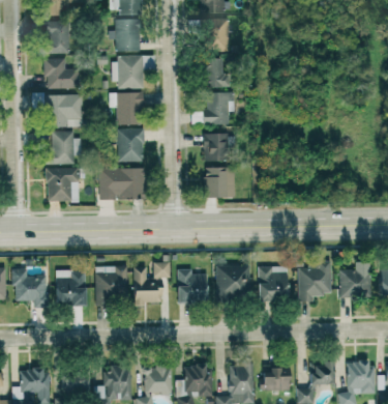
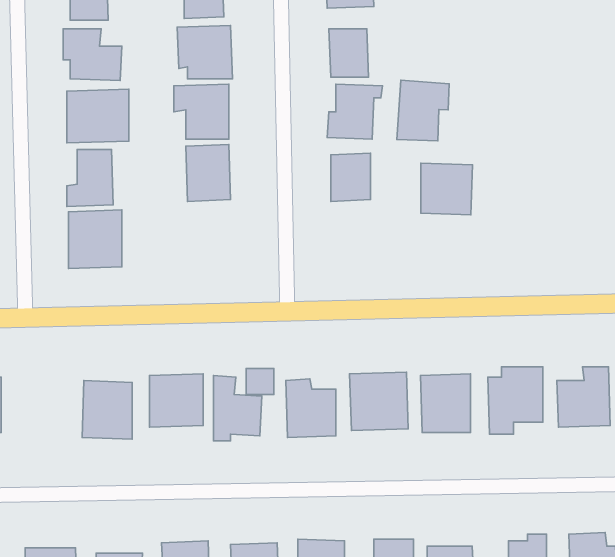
building: none -> [397,80,449,141]
building: [204,167,235,198] -> [421,163,473,215]
building: [99,168,143,200] -> none
building: [11,268,47,307] -> none

